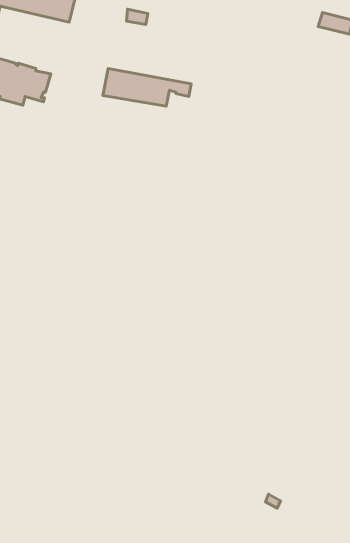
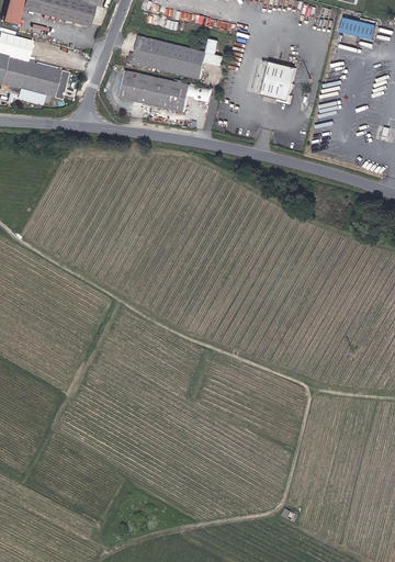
building: none -> [131,36,219,77]
building: none -> [261,54,294,101]

